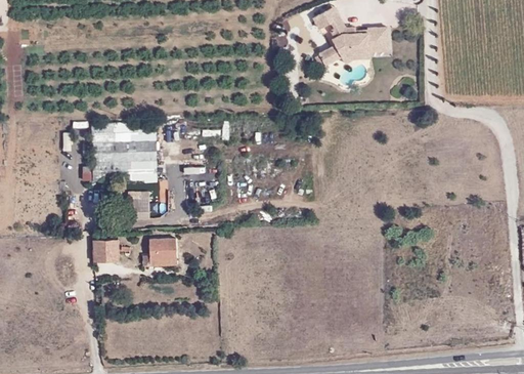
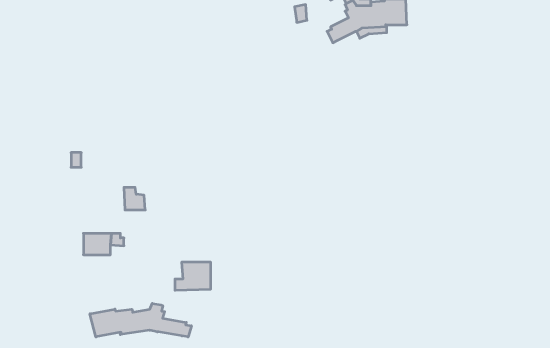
building: [143,240,176,265] -> [175,262,211,290]
building: none -> [90,303,191,337]

